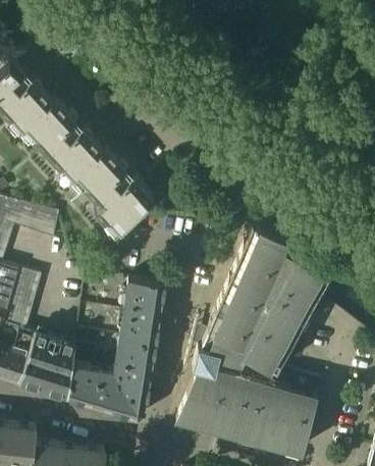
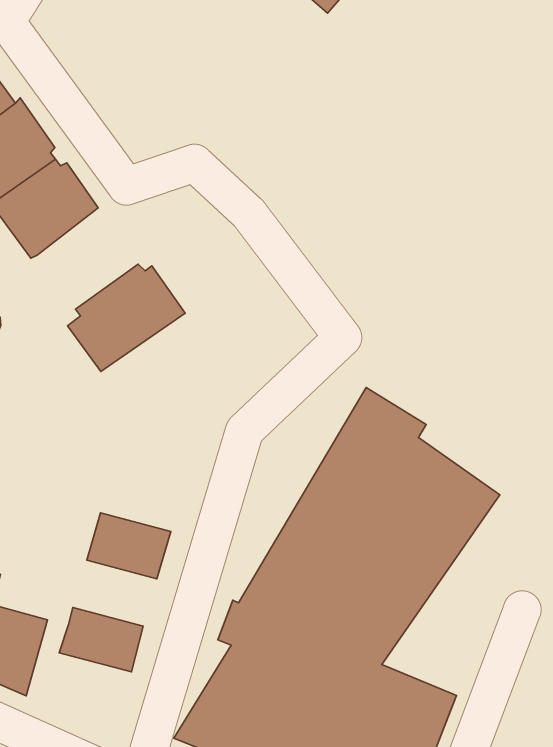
building: [74,147,127,204] -> none
building: [124,277,166,313] -> none
building: [116,333,158,364] -> none
building: [98,367,151,421] -> none

